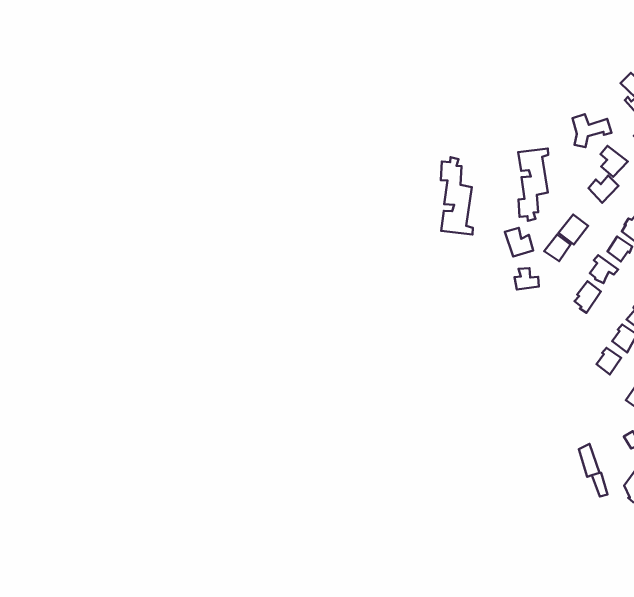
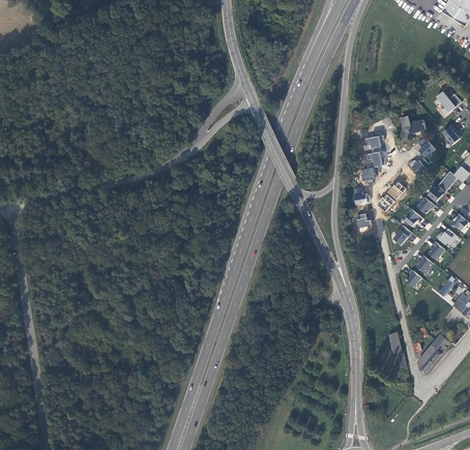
building: [441,157,473,235] -> none

